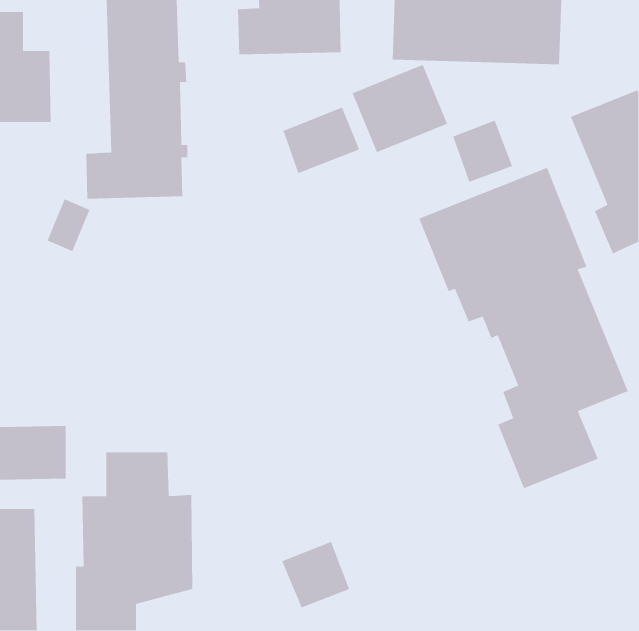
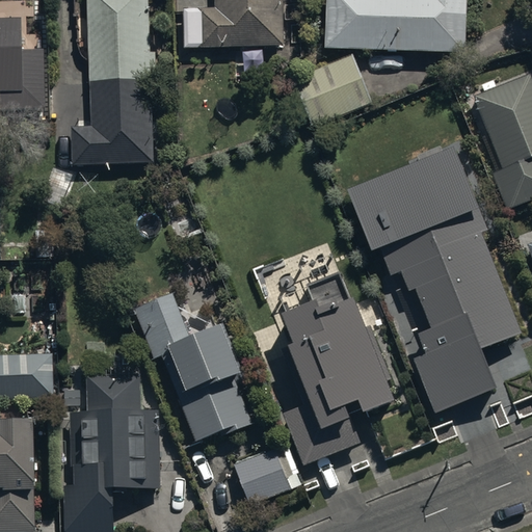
building: [283,106,360,174] -> none
building: [452,120,513,183] -> none
building: none -> [281,273,395,464]
building: none -> [134,295,252,446]

